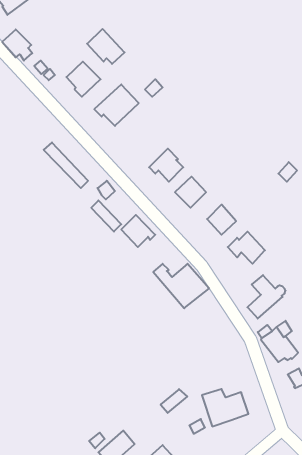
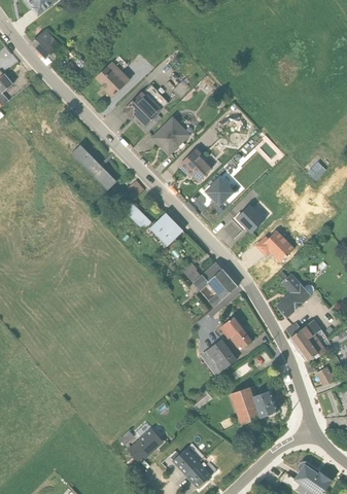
building: [87,29,125,64] -> none
building: none -> [151,117,190,153]
building: none -> [219,317,251,348]
building: none -> [205,340,237,373]

